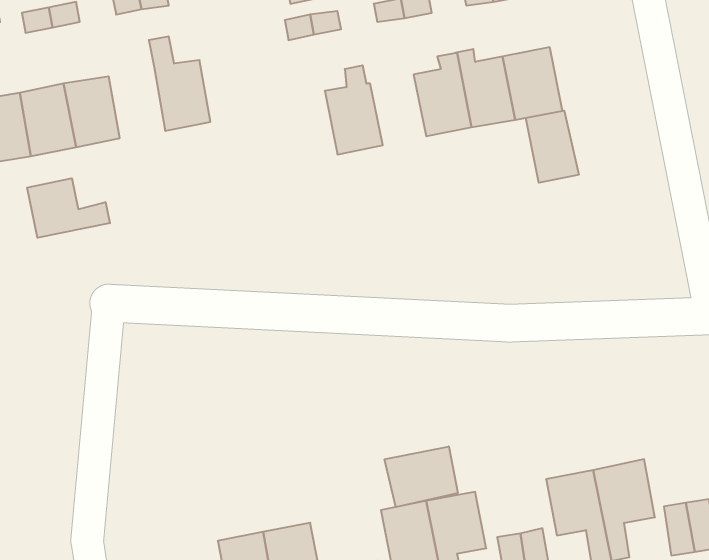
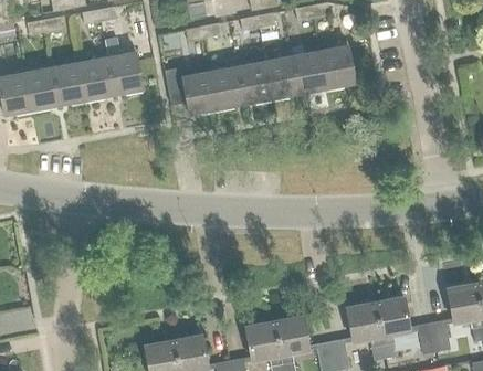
building: none -> [80,57,114,100]
building: none -> [239,62,273,105]
building: none -> [166,66,219,116]
building: [526,111,579,183] -> none
building: [27,178,110,238] -> none
building: [385,446,458,507] -> none

